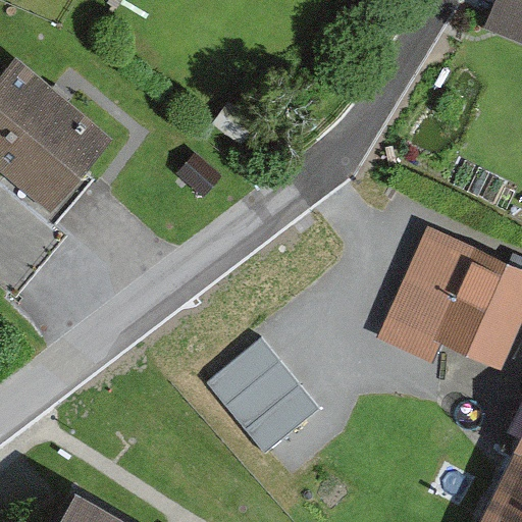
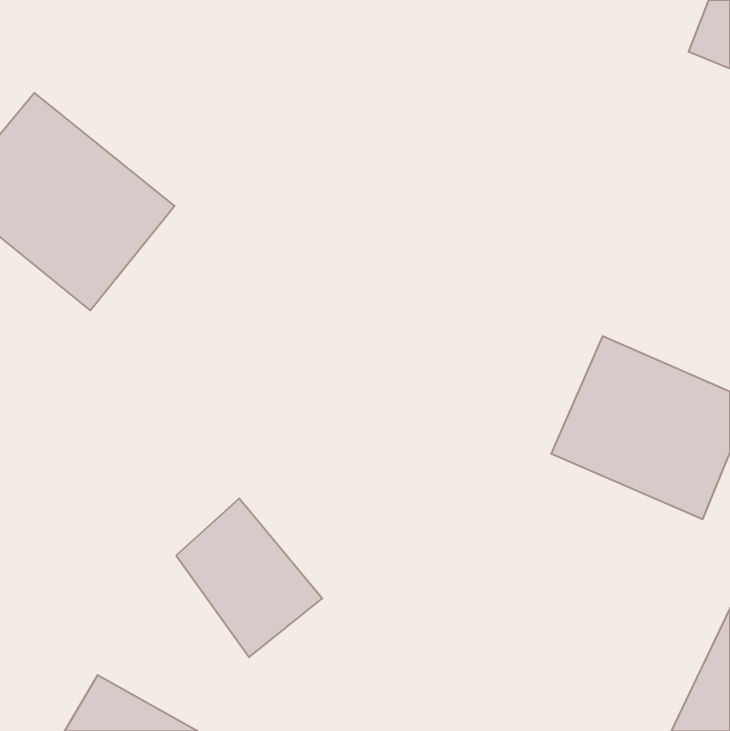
building: [211,340,315,453] -> [176,498,322,657]

